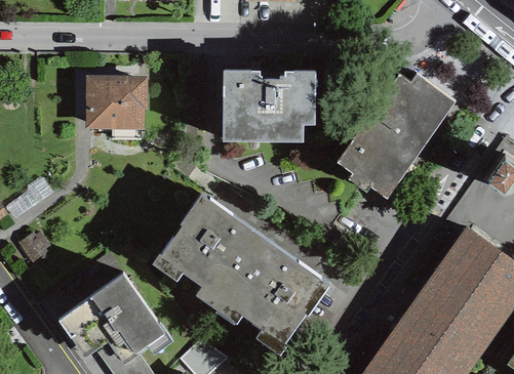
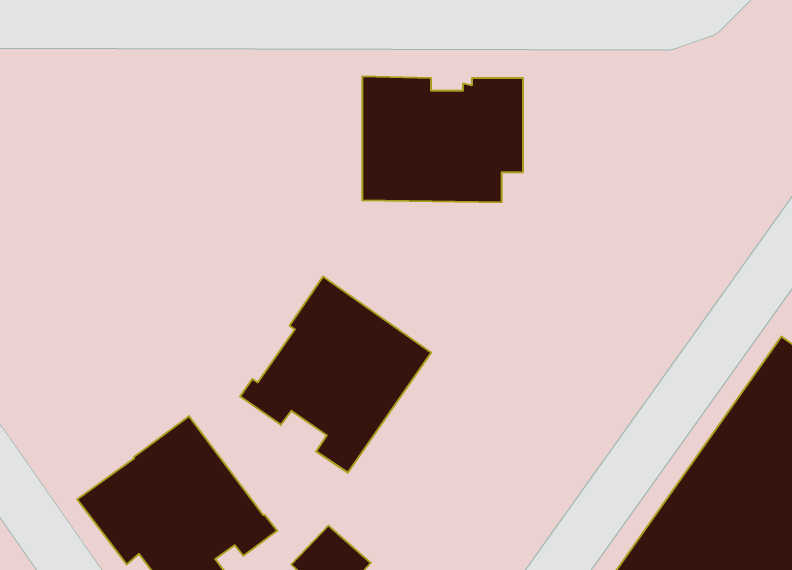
building: [338,77,456,202] -> none
building: [85,79,149,132] -> none
building: [214,234,329,350] -> none

